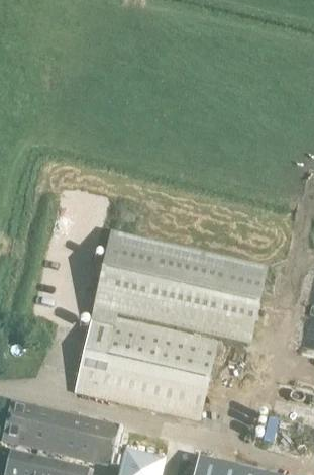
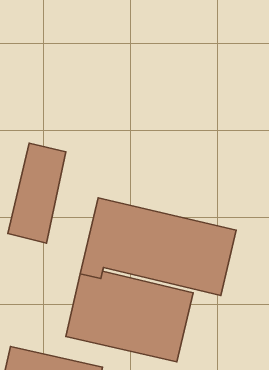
building: none -> [8,143,66,243]

